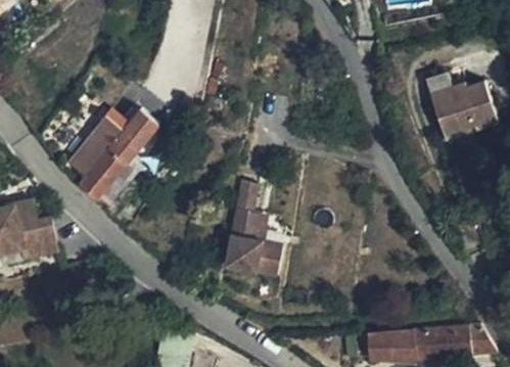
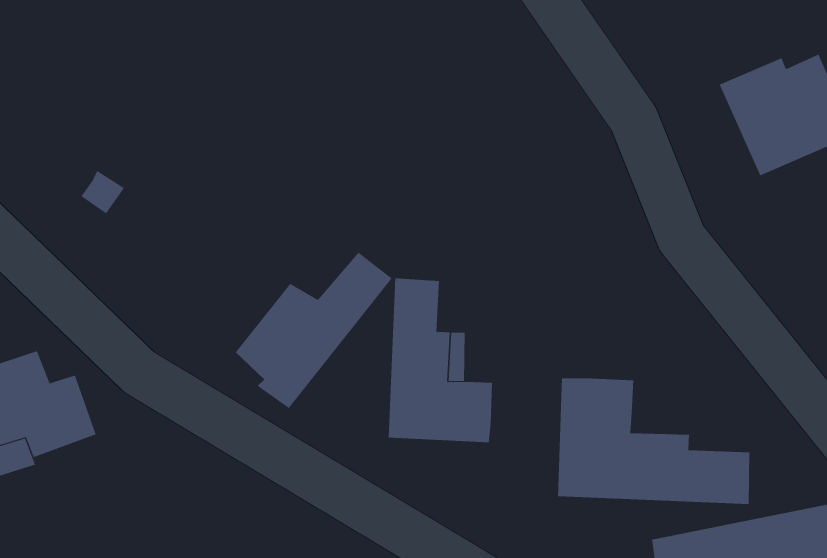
building: [68,109,158,191] -> [235,252,393,409]
building: none -> [557,378,750,505]

